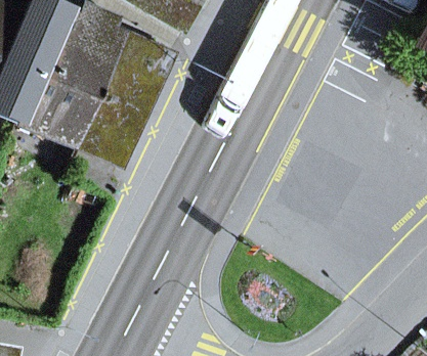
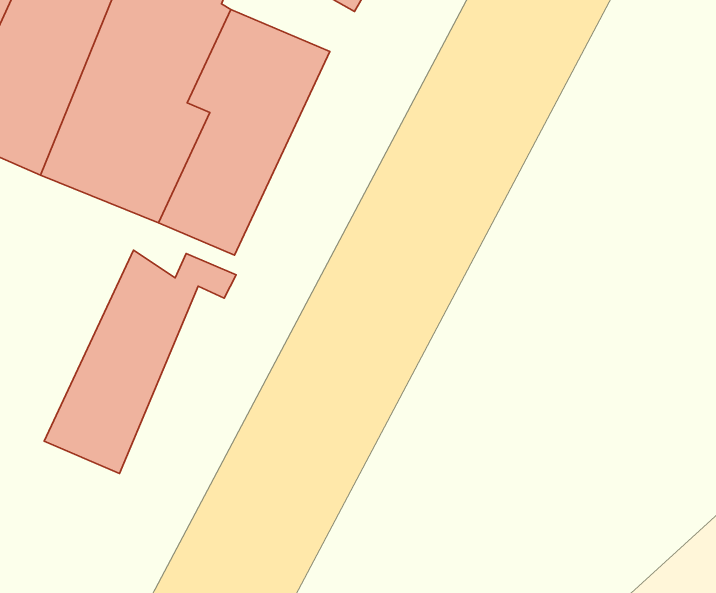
building: none -> [44,250,236,473]

